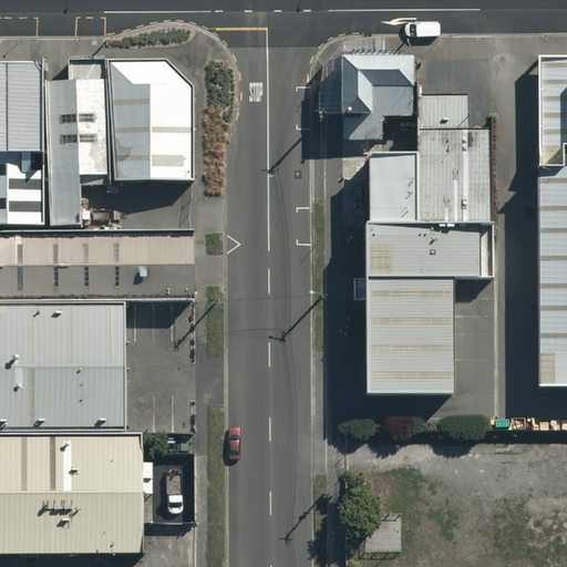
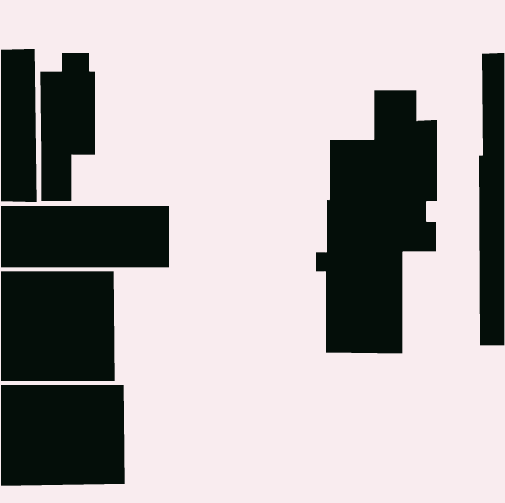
building: [317,53,411,137] -> none
building: [110,61,188,181] -> none

